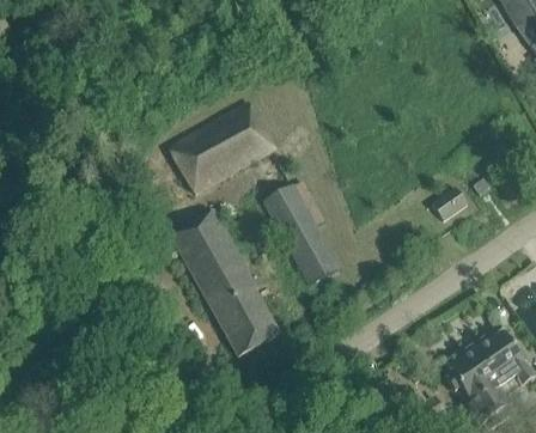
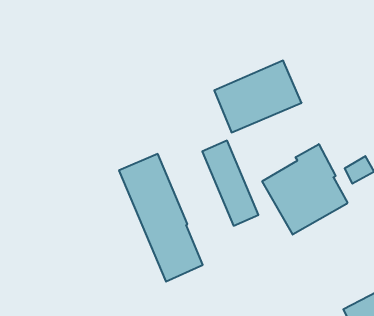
building: [169,102,272,191] -> [214,61,302,132]
building: none -> [262,144,347,235]

